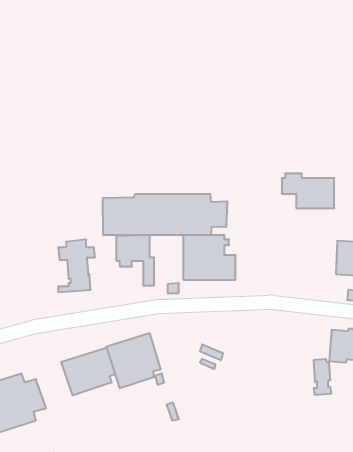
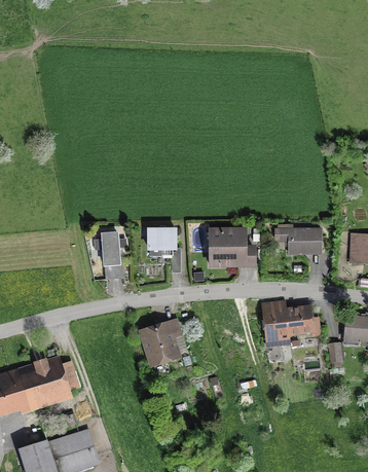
building: [282,174,334,208] -> [273,223,322,255]
building: [103,194,227,235] -> none
building: none -> [260,299,321,348]
building: [61,347,115,395] -> none

